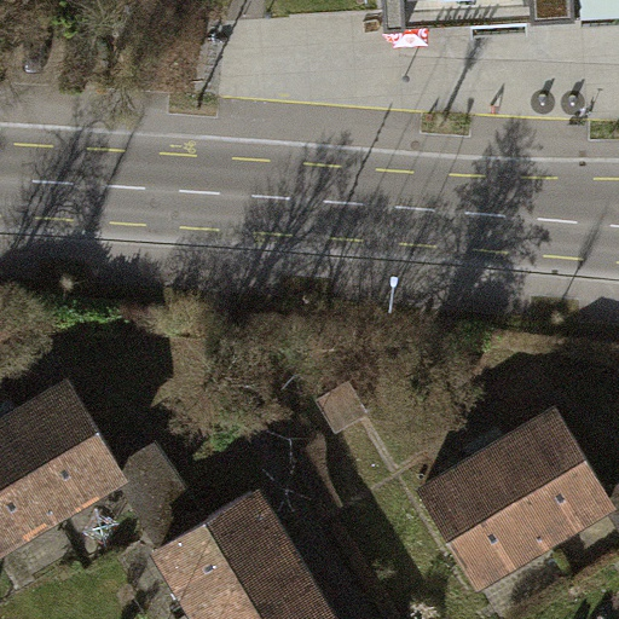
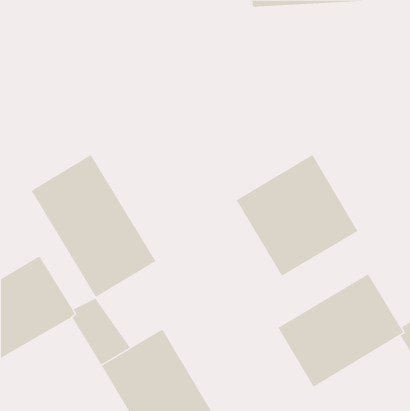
building: none -> [236,154,359,277]
building: none -> [31,154,156,298]

